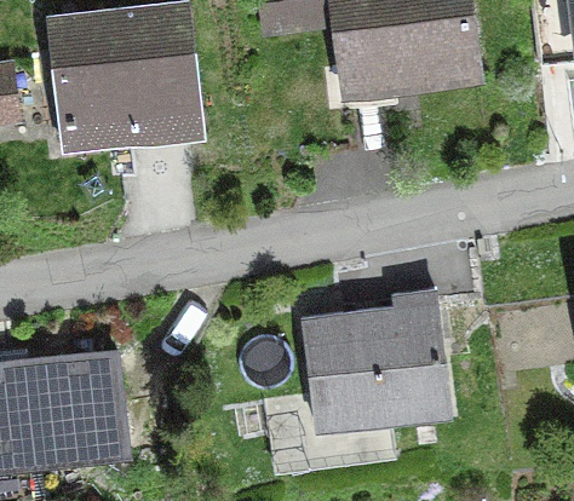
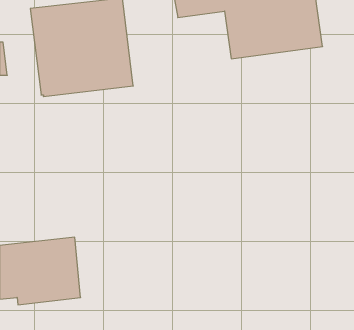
building: [303,293,450,433] -> none

